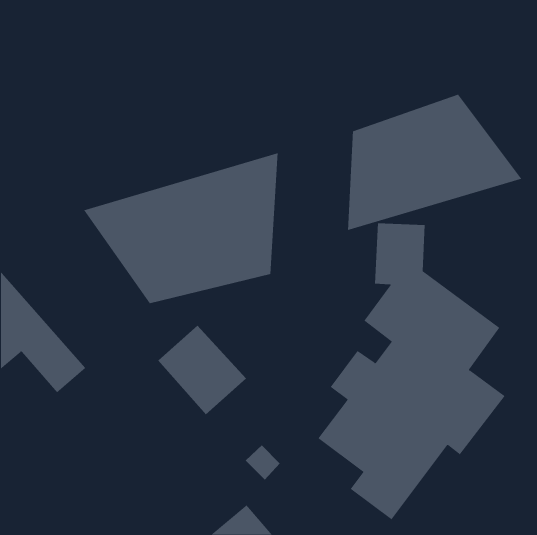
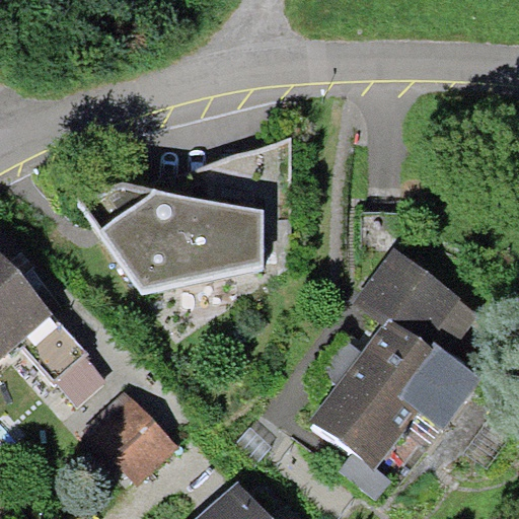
building: [348,94,522,231] -> none
building: [158,325,247,415] -> [89,397,175,485]

